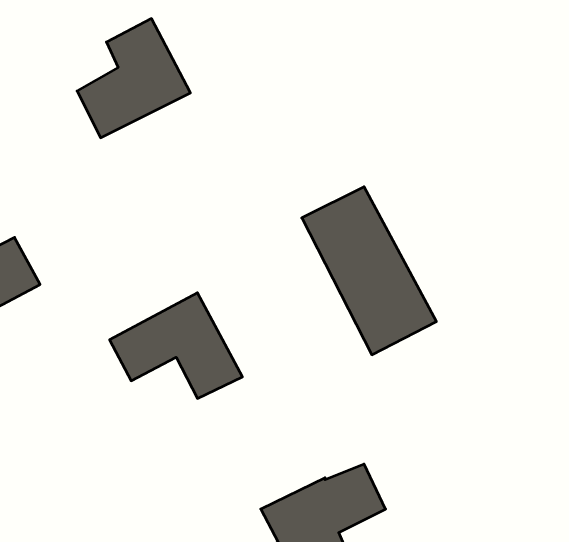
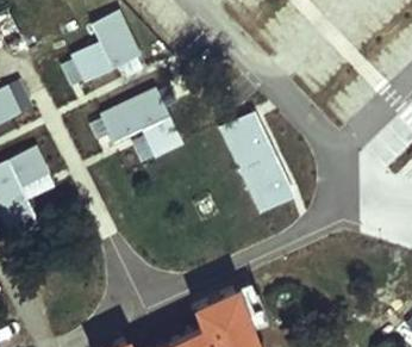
building: [110,293,242,398] -> [104,88,185,153]

